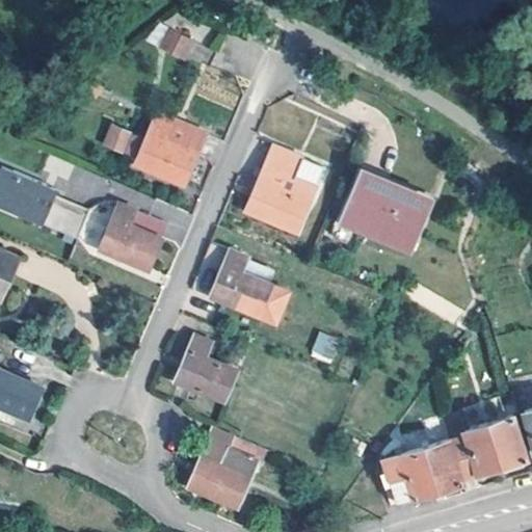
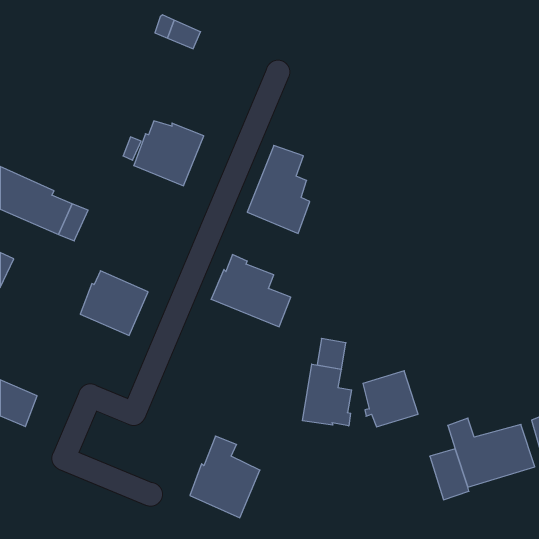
building: [339,171,434,254] -> none
building: [99,206,165,269] -> [80,271,148,335]
building: [174,338,235,403] -> none
building: none -> [303,364,352,426]
building: [383,450,437,505] -> [363,371,418,427]

